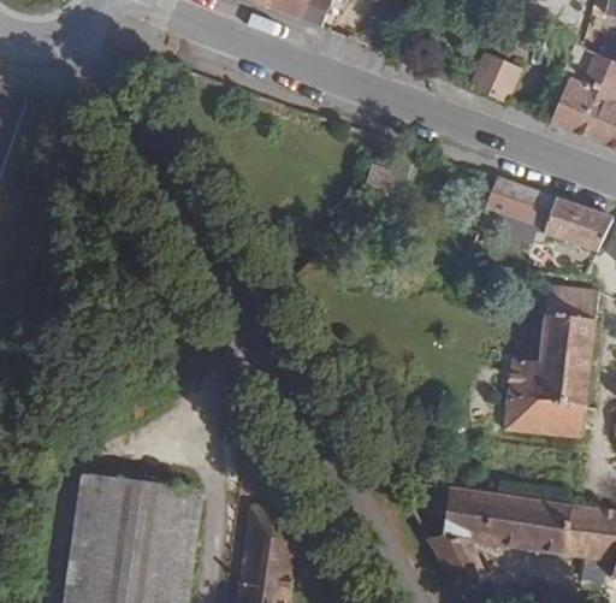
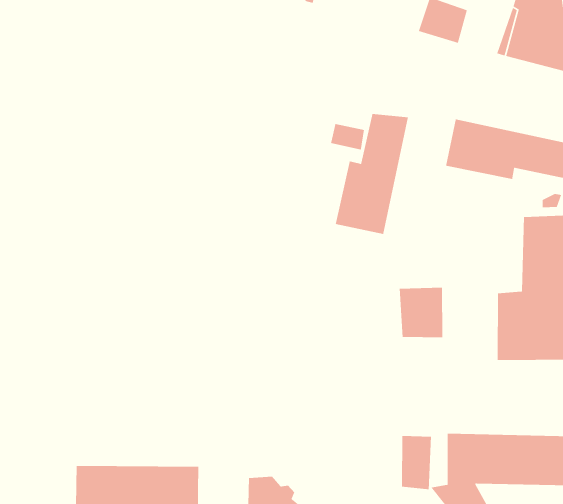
building: none -> [335,113,409,235]
building: none -> [399,287,443,338]
building: none -> [401,435,432,490]

